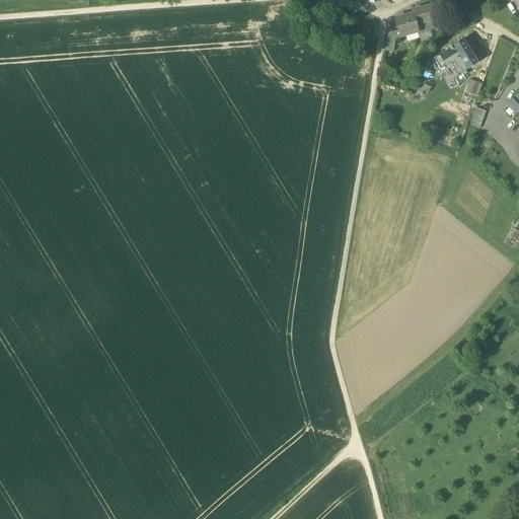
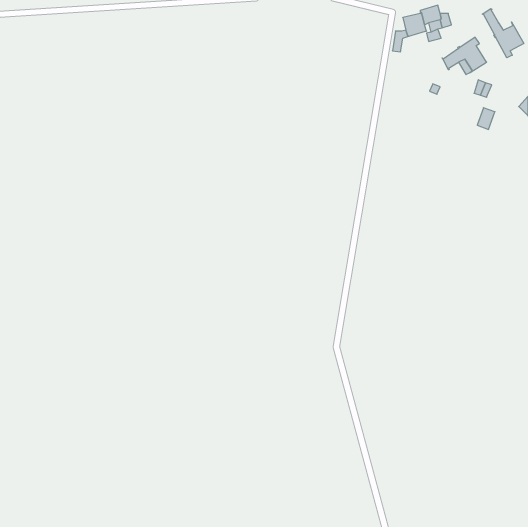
building: none -> [482,9,524,58]

